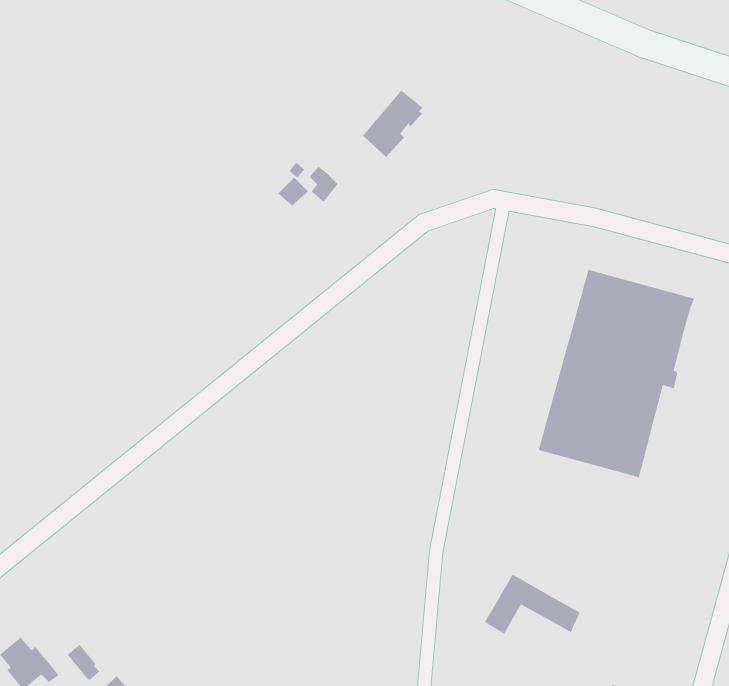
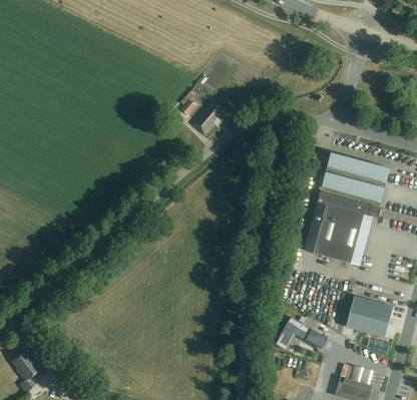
building: [362,89,423,158] -> [191,98,225,135]
building: none -> [346,296,394,337]

